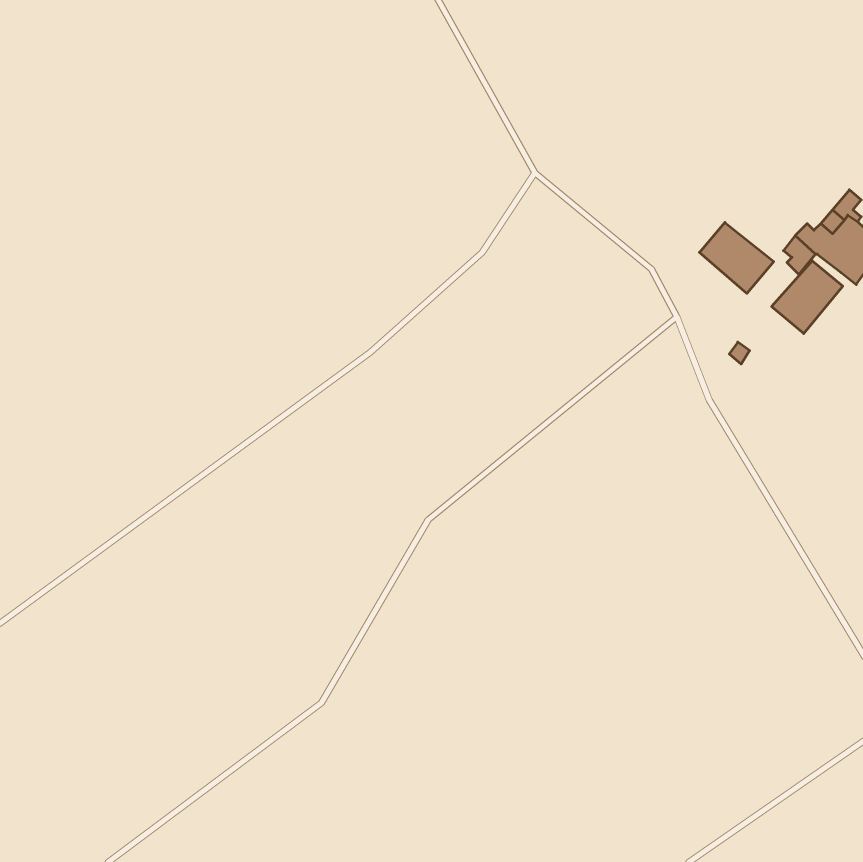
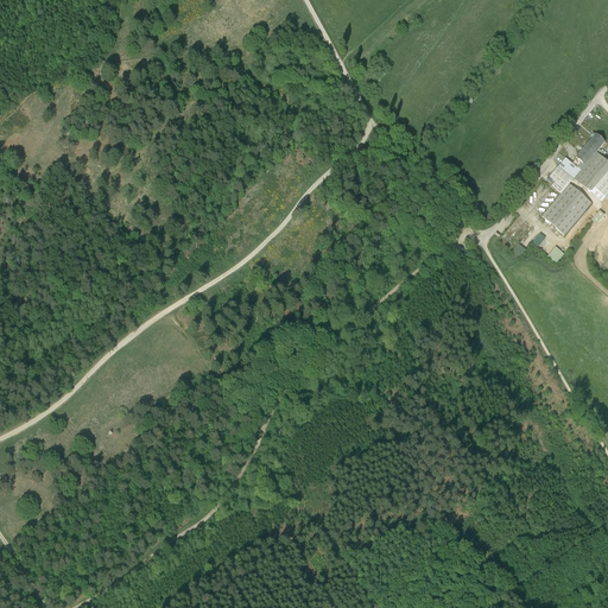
building: [699,222,774,293] -> none

